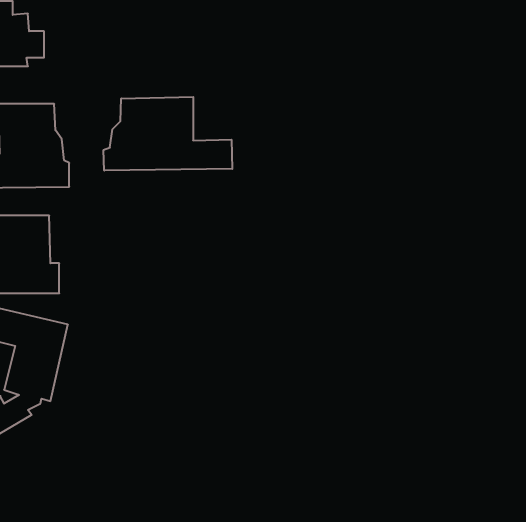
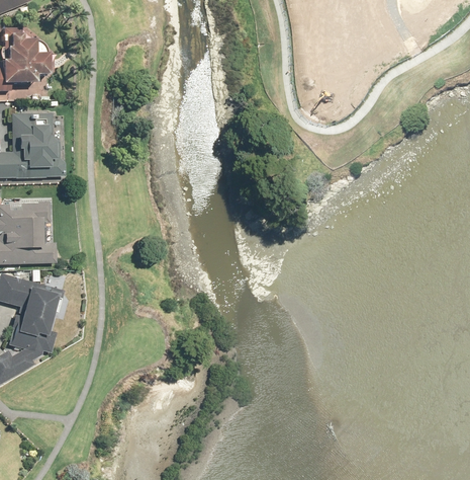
building: [104,97,232,171] -> none

